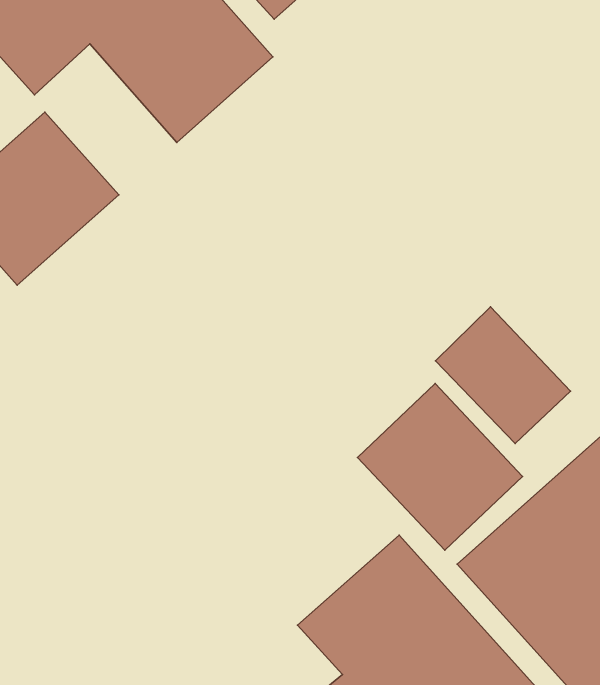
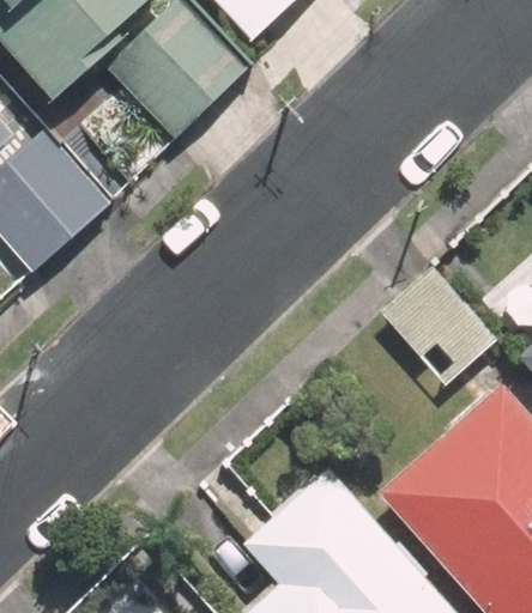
building: [357,384,522,550] -> none

